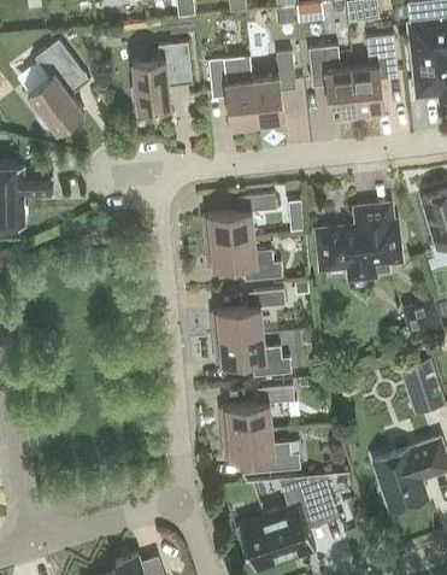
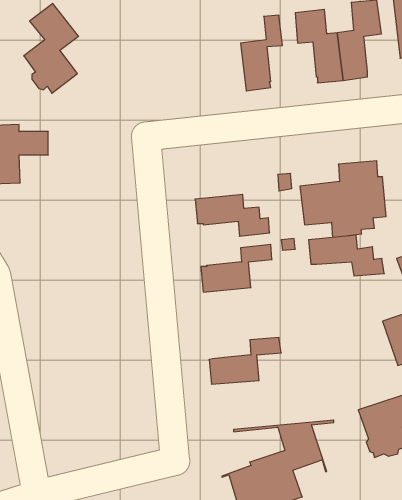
building: [131,42,190,111] -> none
building: [207,55,258,133] -> none
building: [202,194,276,242] -> none
building: [213,334,292,376] -> [309,235,384,276]
building: [222,430,300,473] -> none

